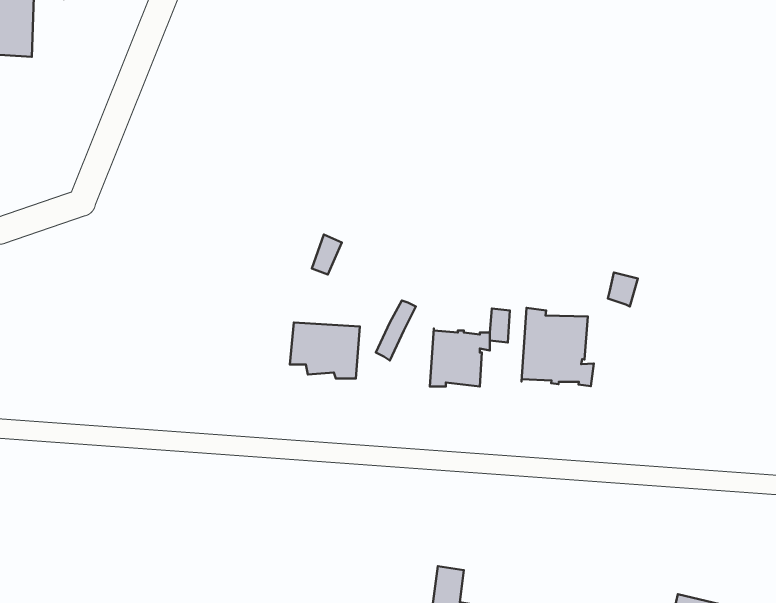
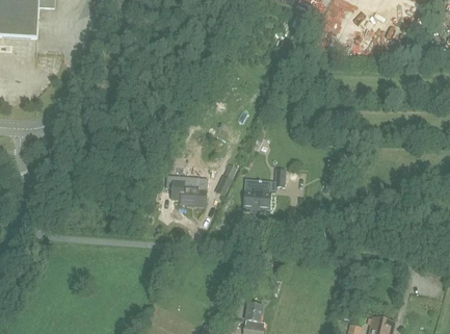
building: [521,308,594,386] -> none

